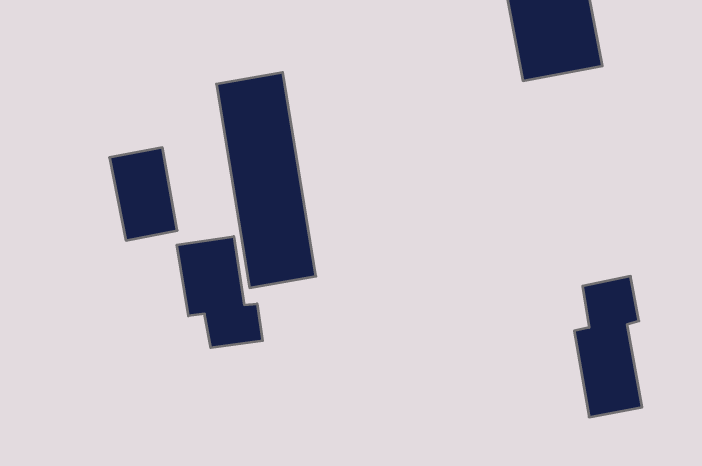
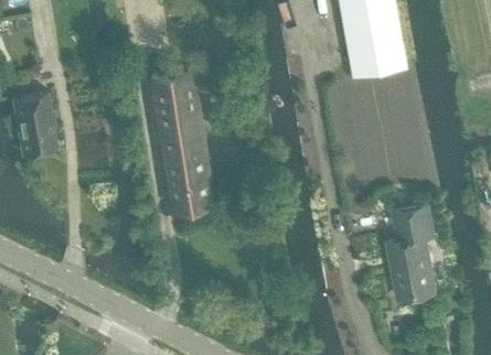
building: [109,148,177,240] -> [11,92,56,153]
building: [177,236,263,348] -> none

